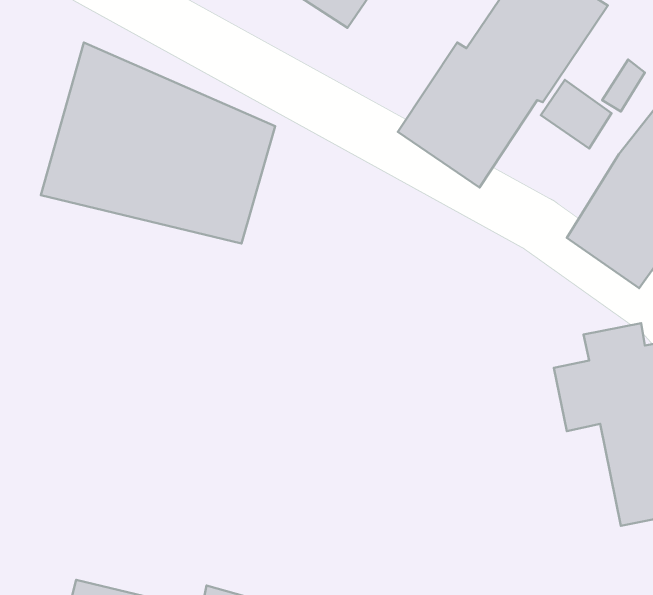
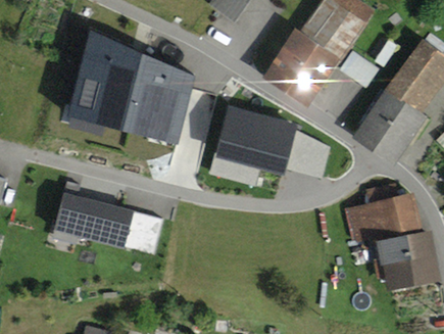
building: none -> [209,104,329,186]
building: none -> [53,194,161,255]

